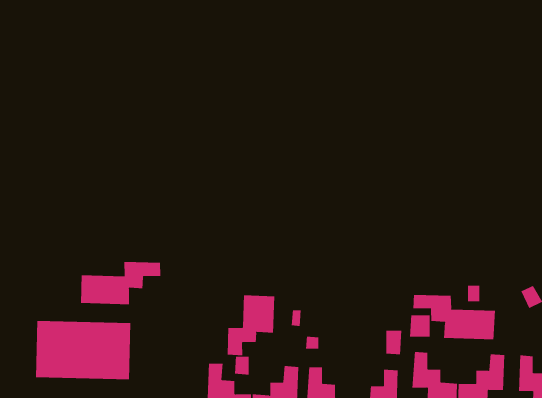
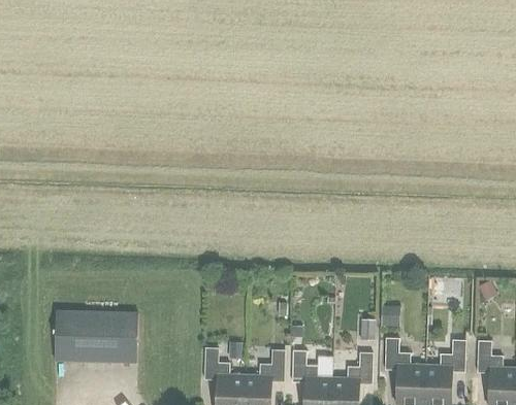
building: [81,261,161,305] -> none
building: [413,294,496,340] -> none
building: [227,294,275,356] -> none

